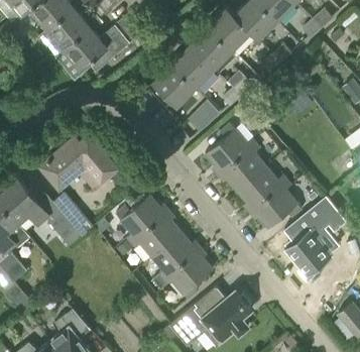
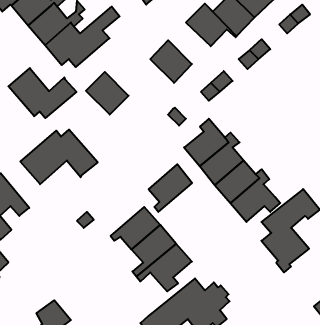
building: [189,27,232,70] -> none
building: [151,65,195,108] -> [86,72,129,115]
building: none -> [8,68,76,118]
building: [48,194,93,243] -> none
building: [120,196,164,244] -> [149,164,192,212]

